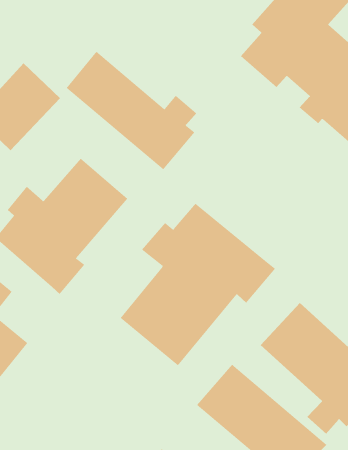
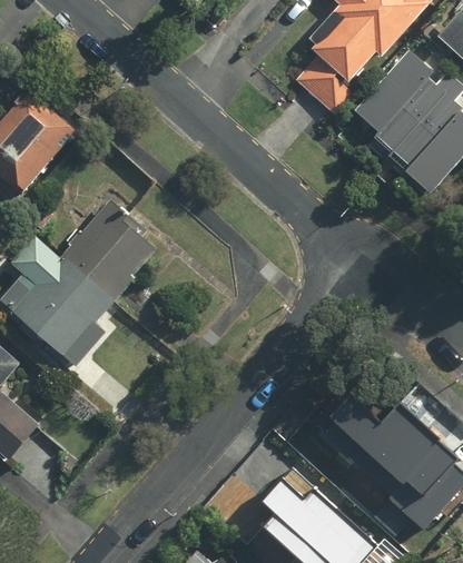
building: [66,51,197,170] -> none
building: [120,203,276,366] -> none

